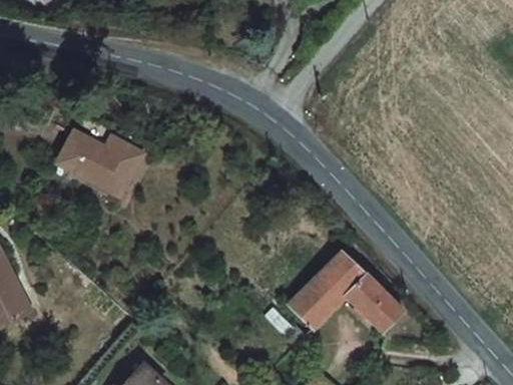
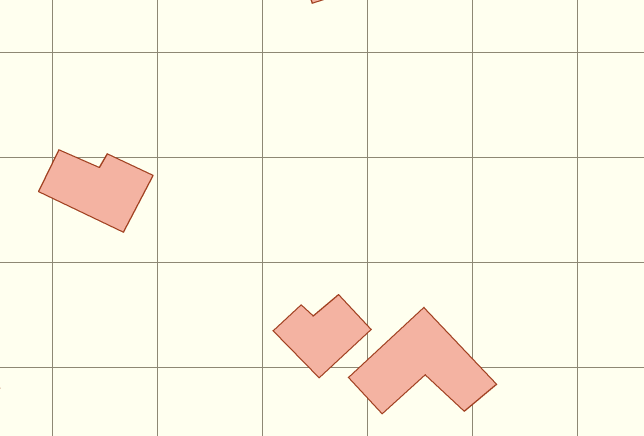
building: none -> [273,295,371,378]

